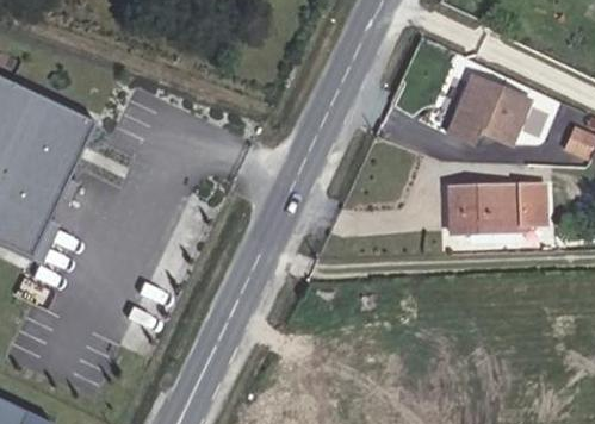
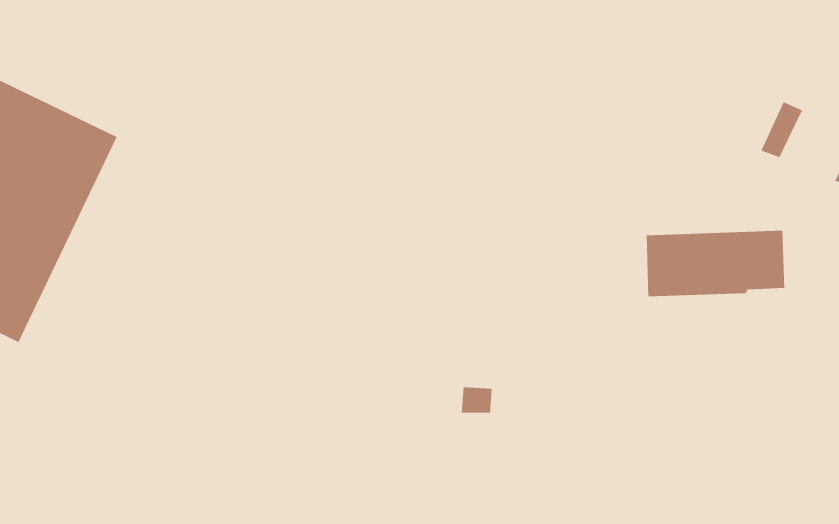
building: [448,73,516,136] -> none

